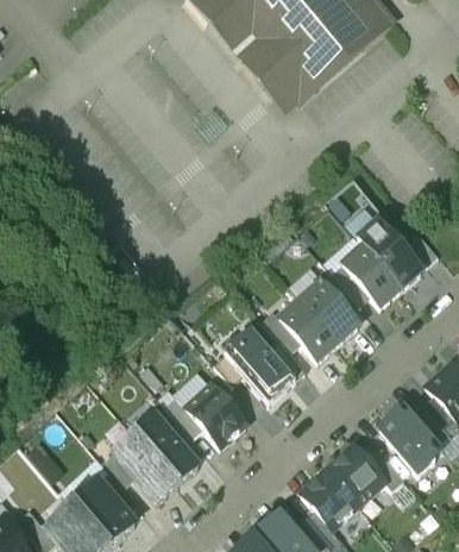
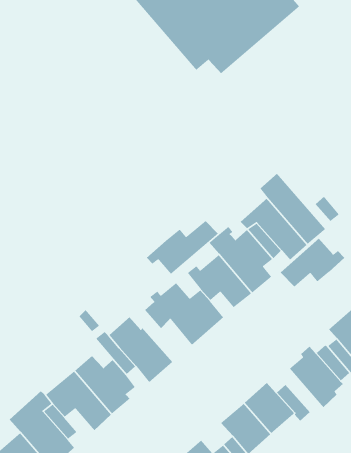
building: none -> [146,220,219,275]
building: none -> [280,238,345,288]

